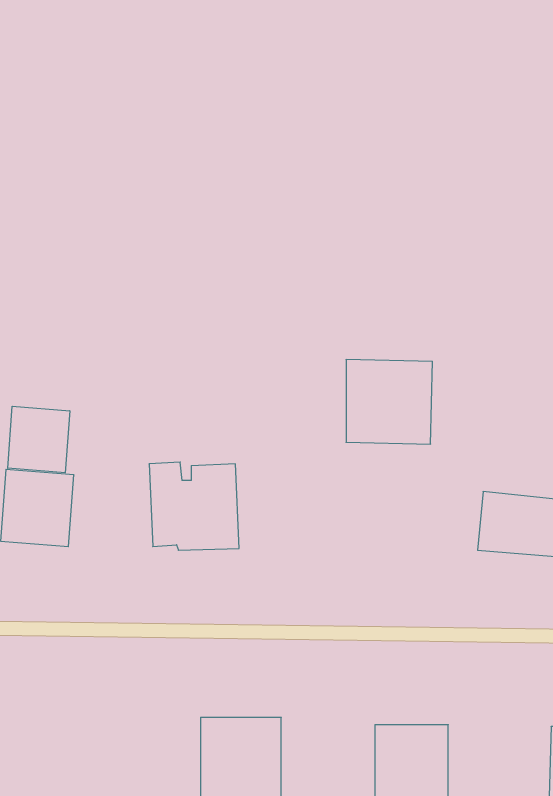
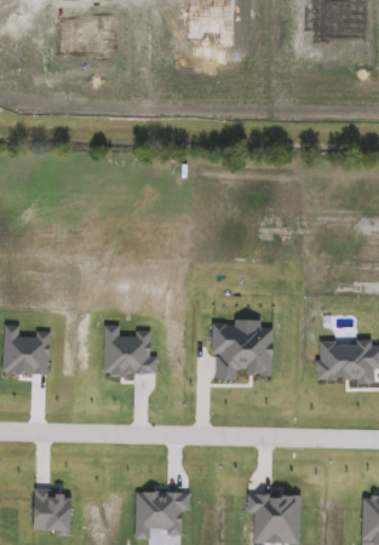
building: [346,360,432,444] -> [216,327,272,383]
building: [8,406,70,473] -> none
building: none -> [31,488,69,534]

